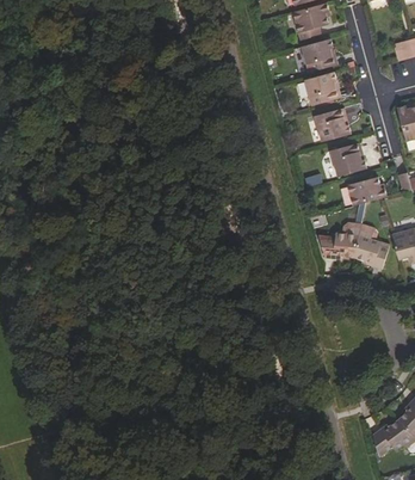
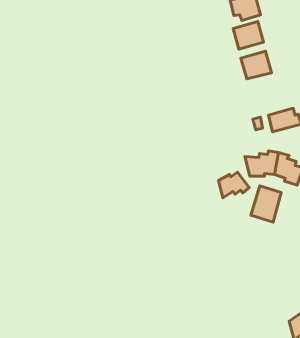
building: [330,141,367,176] -> none
building: none -> [219,172,249,198]
building: none -> [251,186,281,222]

